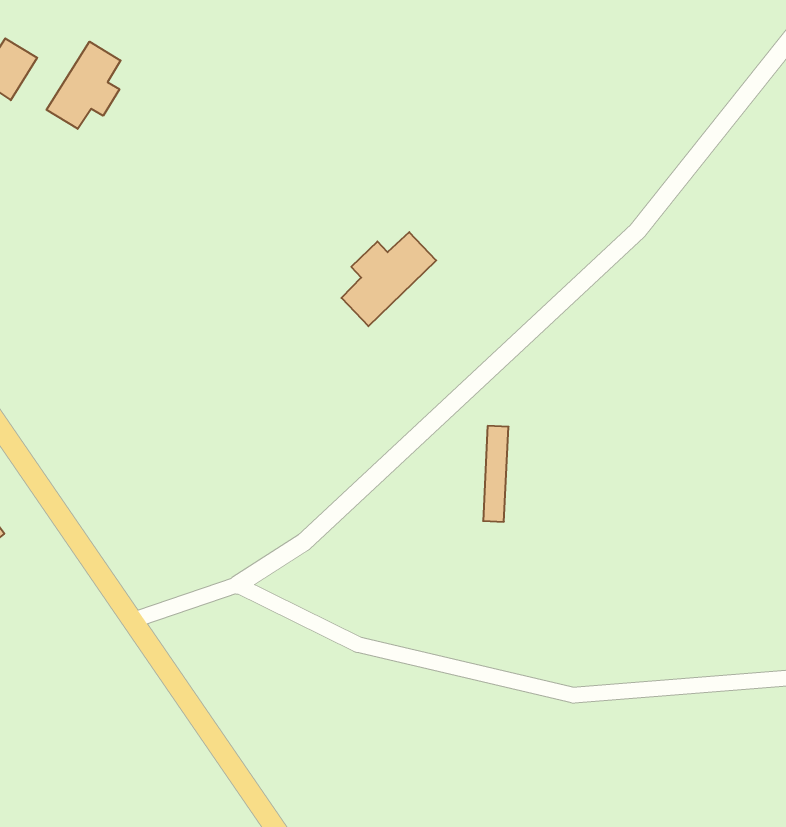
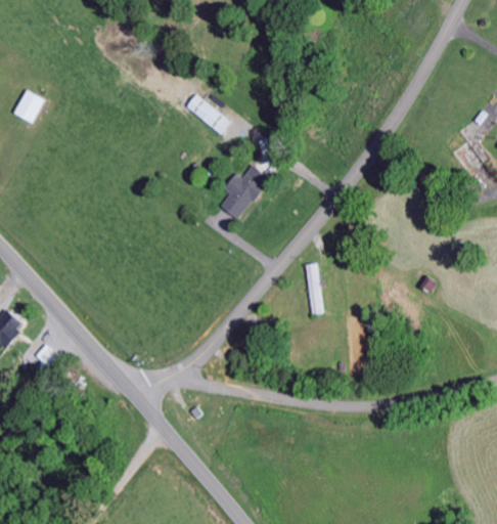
building: [47,42,121,129] -> none
building: none -> [187,93,232,135]

